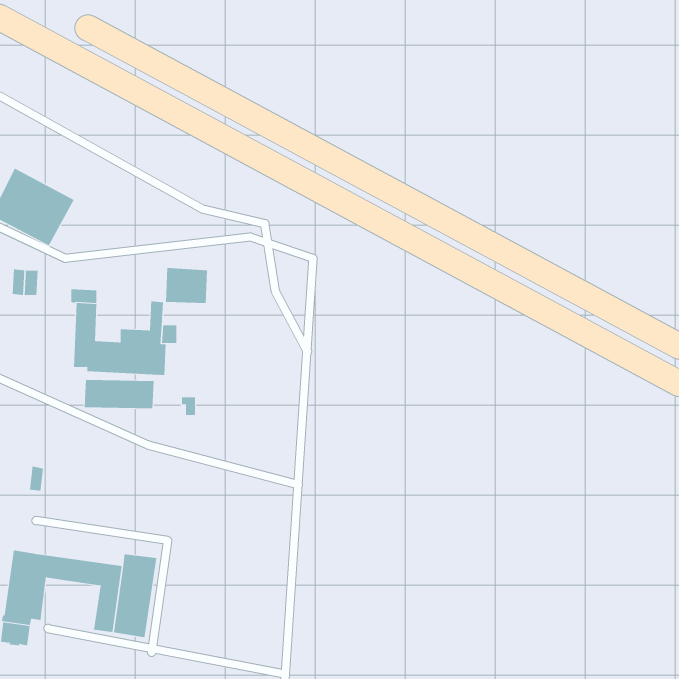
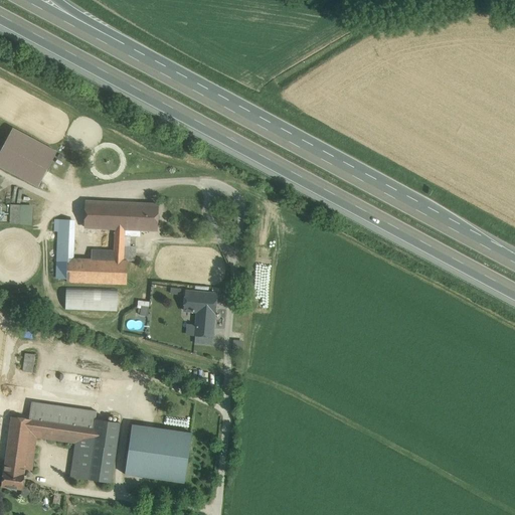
building: none -> [83,200,126,228]
building: none -> [183,290,215,336]
building: none -> [28,400,95,427]
building: none -> [125,424,190,482]

